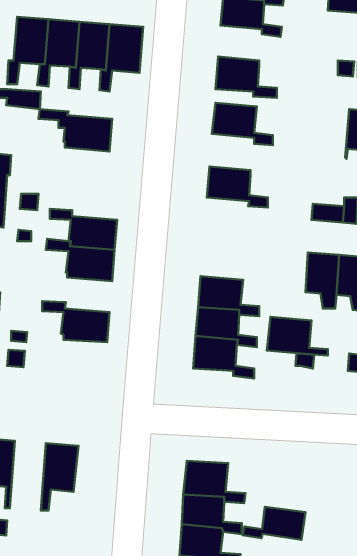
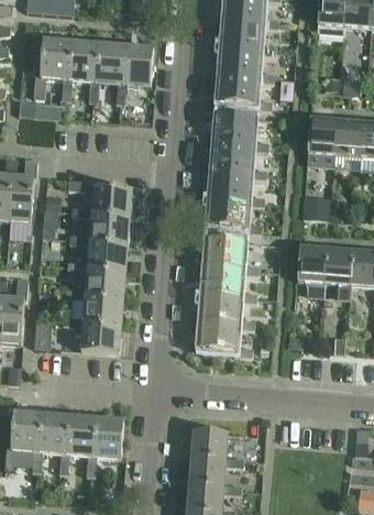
building: none -> [220,45,274,81]
building: none -> [306,117,336,164]
building: [38,109,112,151] -> [68,179,133,217]
building: none -> [212,141,266,178]
building: none -> [208,197,262,232]
building: none -> [67,261,127,298]
building: [267,317,328,355] -> [205,237,258,271]
building: none -> [63,316,122,353]
building: none -> [36,412,68,473]
building: none -> [91,416,124,475]
building: [242,507,306,540] -> none

